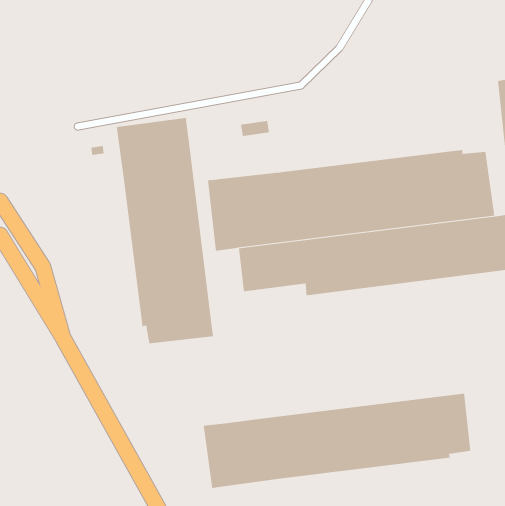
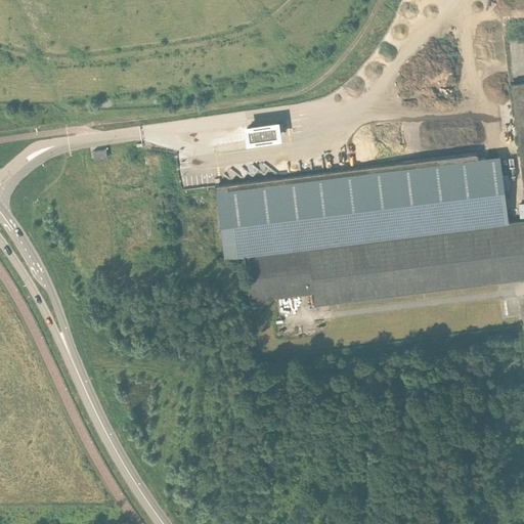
building: [116,117,214,344] -> none
building: [203,393,471,489] -> none

